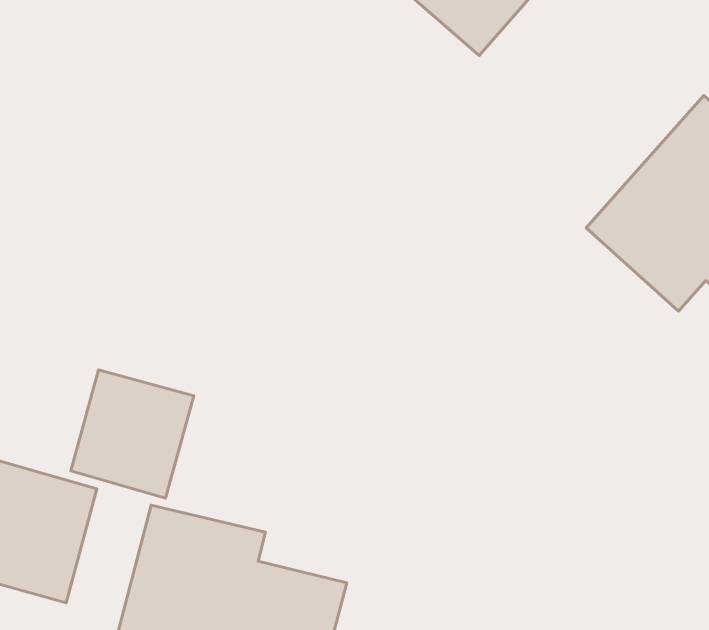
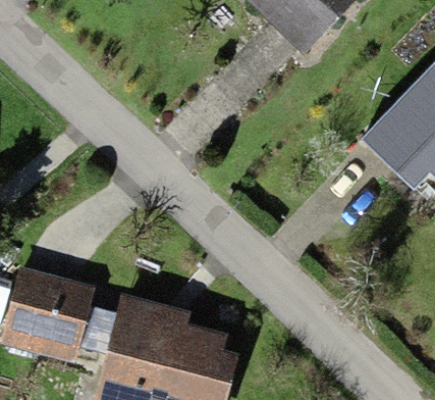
building: [71,370,194,498] -> none

